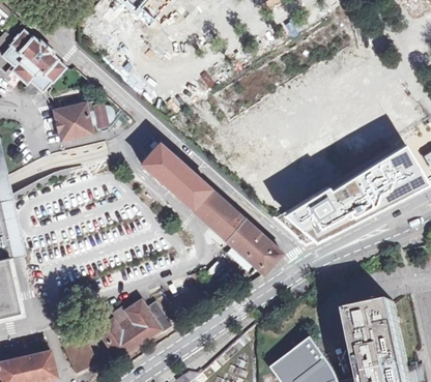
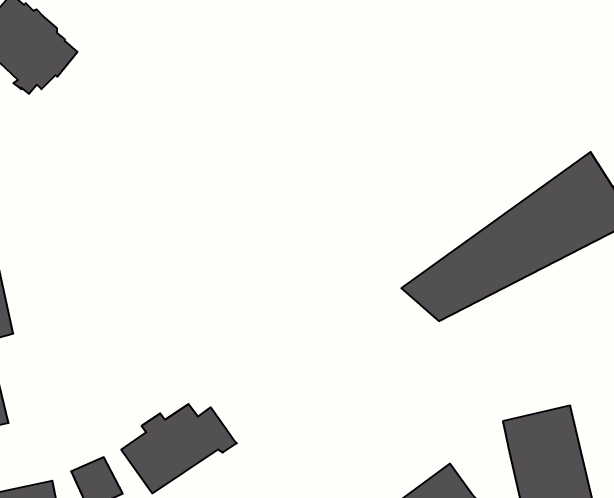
building: [54,100,114,141] -> none
building: [141,143,283,275] -> none

